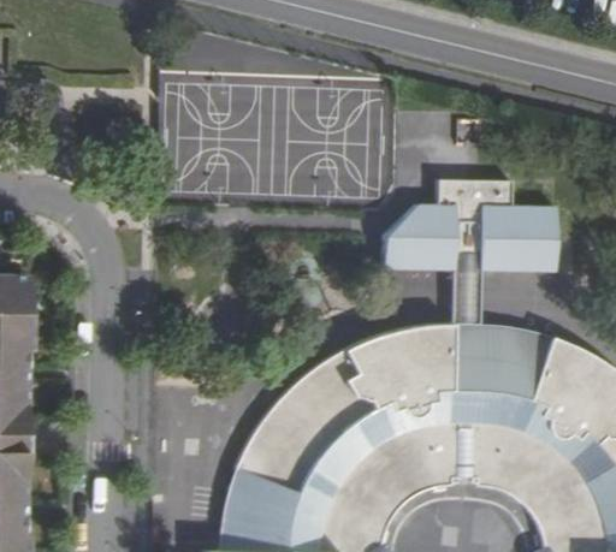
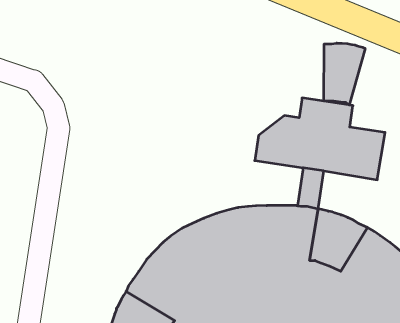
building: none -> [324,43,365,105]

